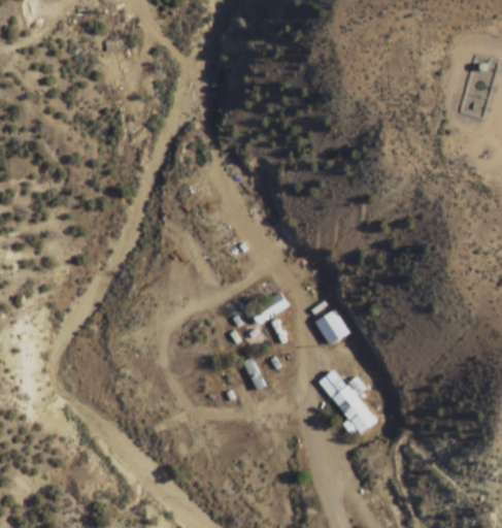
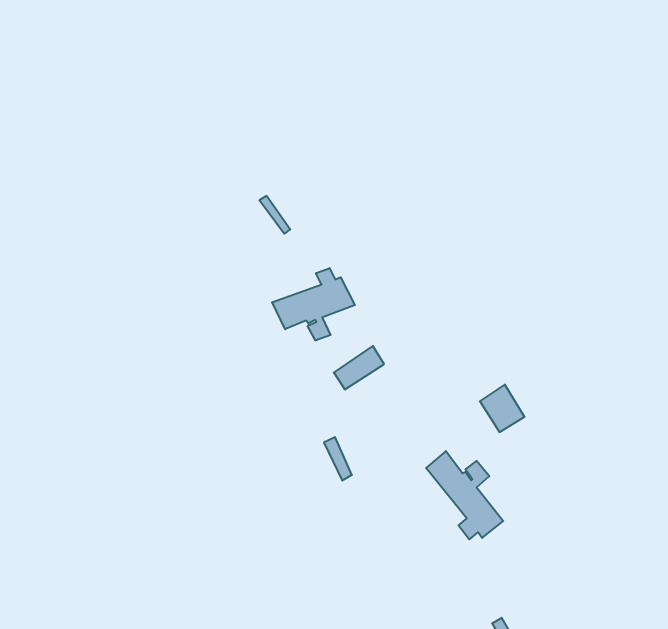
building: none -> [272,268,355,340]
building: [315,309,348,344] -> [480,384,525,432]

